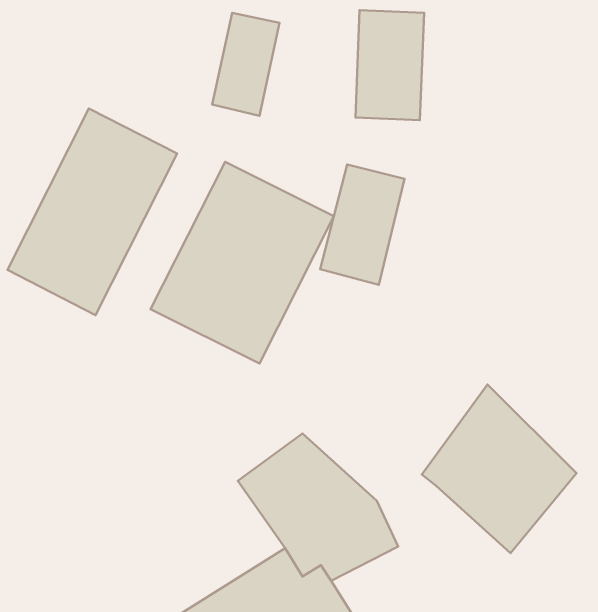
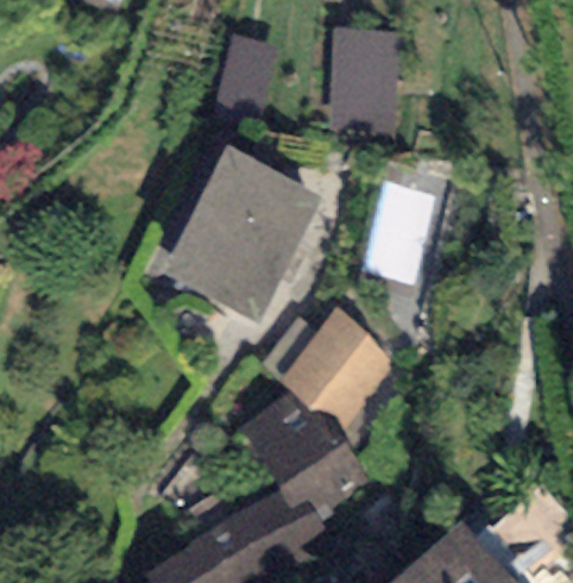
building: [7,108,177,315] -> none
building: [320,165,405,285] -> [376,181,446,281]
building: [422,384,576,553] -> [278,300,407,440]

